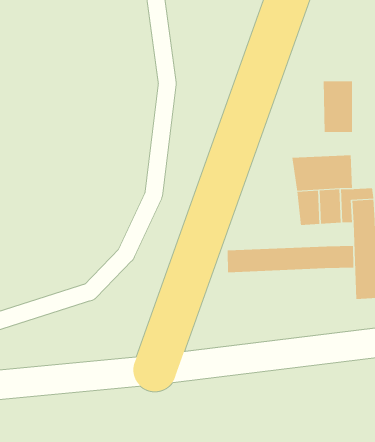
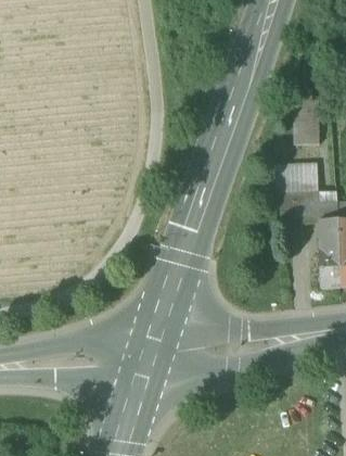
building: [227,245,354,273] -> none

